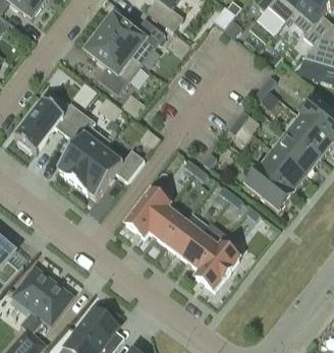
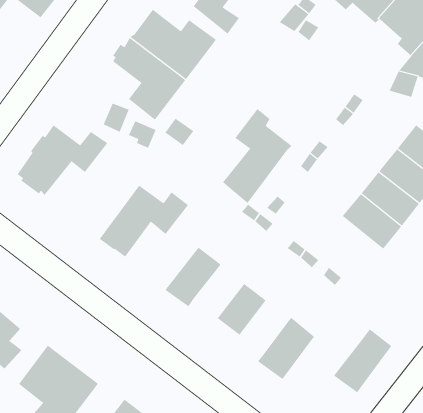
building: [56,112,109,184] -> [222,108,292,204]
building: [244,167,291,212] -> none
building: [148,204,185,244] -> none
building: [182,222,227,271] -> [333,329,392,393]

